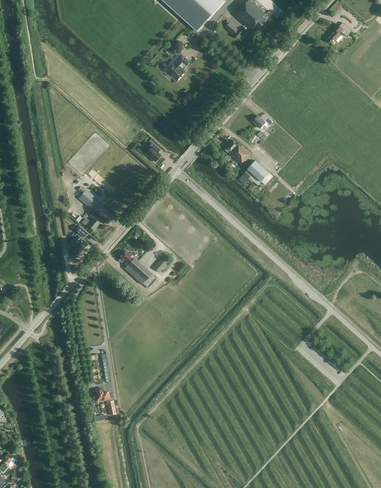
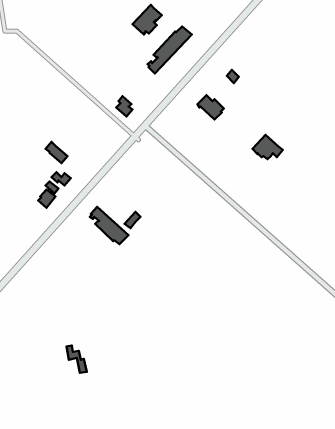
building: none -> [148,27,192,74]
building: [242,160,272,184] -> [252,135,283,159]

